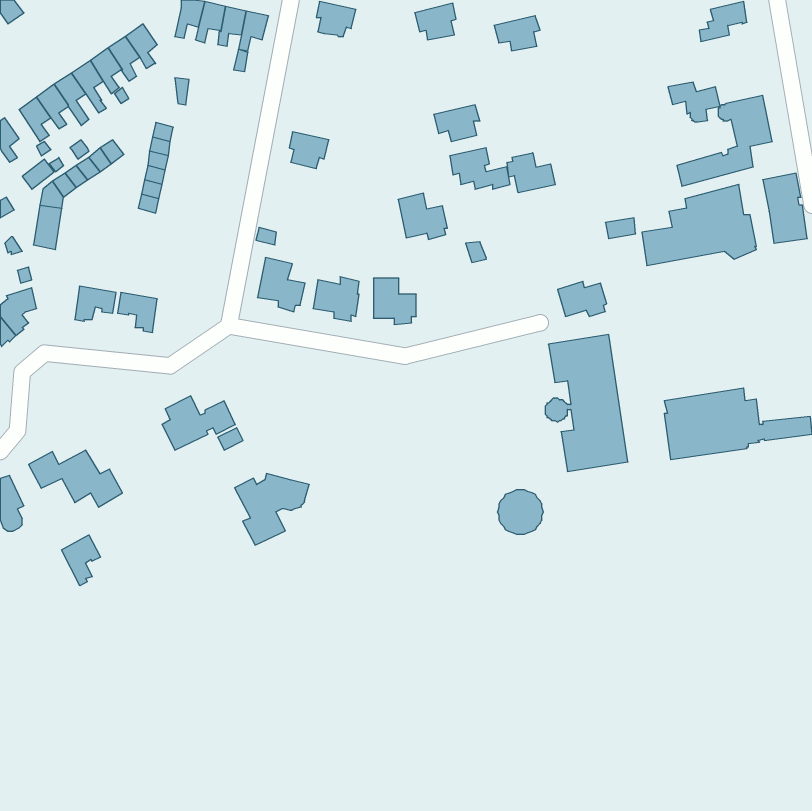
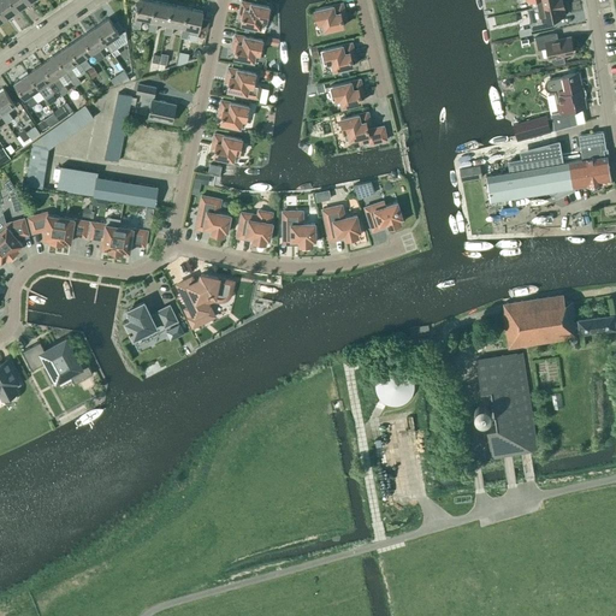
building: [494,16,540,51] -> [320,45,355,71]
building: none -> [232,35,262,63]
building: [668,82,720,122] -> [534,35,574,65]
building: none -> [225,69,262,101]
building: none -> [136,85,176,123]
building: [507,153,555,193] -> none
building: none -> [212,135,242,161]
building: [398,193,447,239] -> [322,206,360,241]
building: none -> [58,166,158,207]
building: none -> [28,213,60,243]
building: [558,281,607,316] -> [365,202,402,229]
building: none -> [116,227,147,254]
building: [545,335,628,471] -> [474,354,537,457]
building: [235,474,309,545] -> [177,274,233,328]
building: [62,535,101,586] -> none

